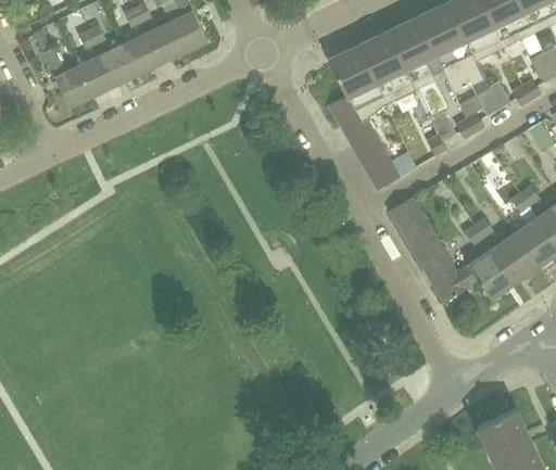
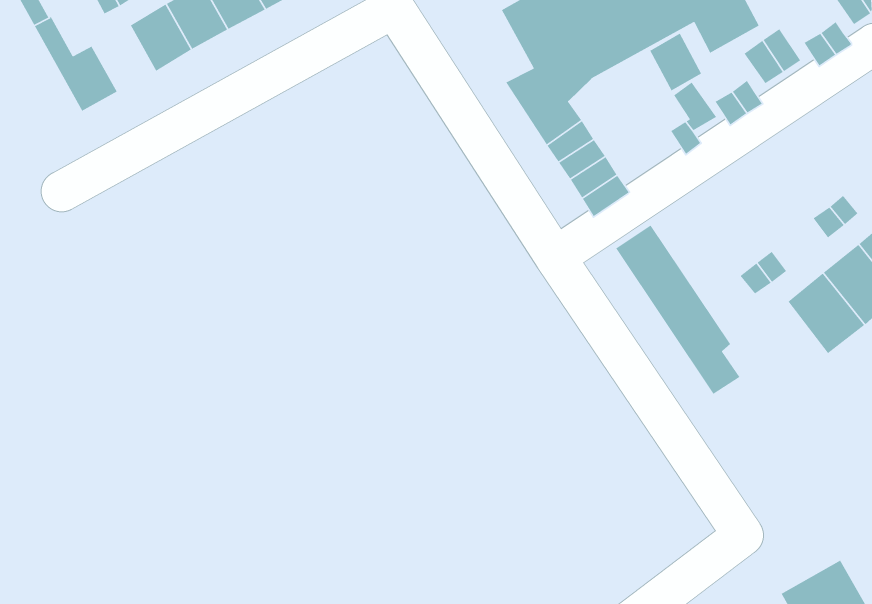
building: [77,55,115,96] -> none
building: [451,249,515,298] -> none

